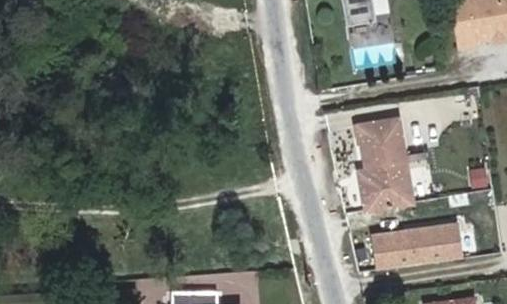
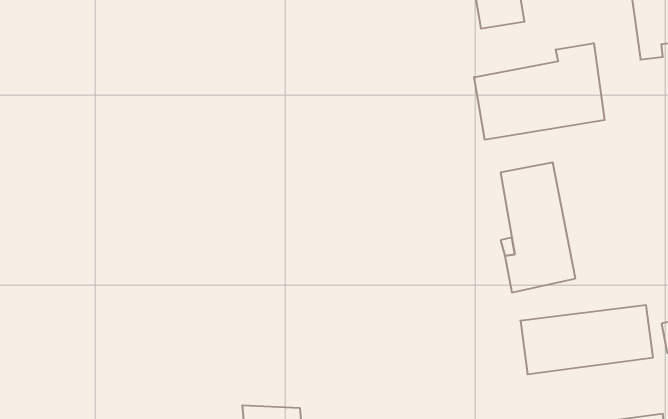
building: none -> [474,43,605,140]

